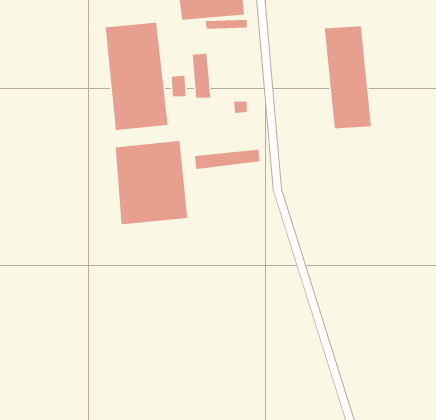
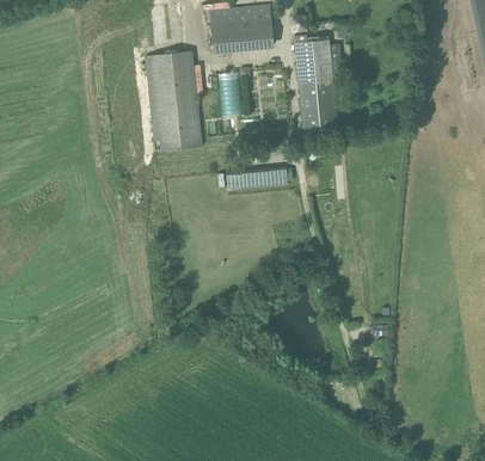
building: [324,25,372,129] -> [295,38,339,134]
building: [115,140,188,225] -> none

